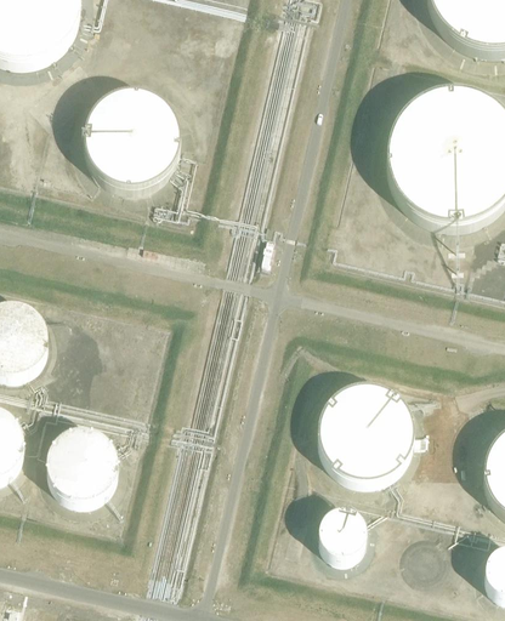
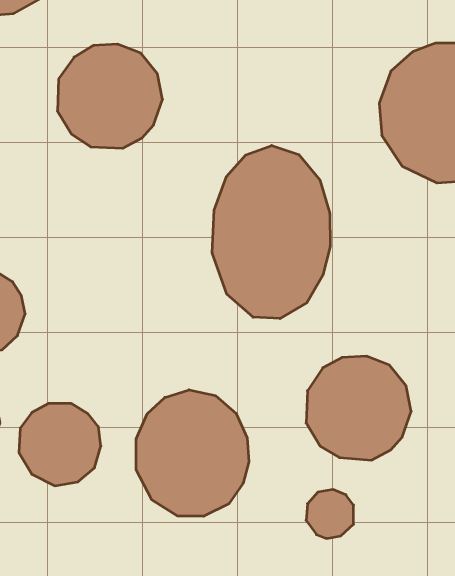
building: none -> [212,145,330,319]
building: none -> [136,390,249,516]

